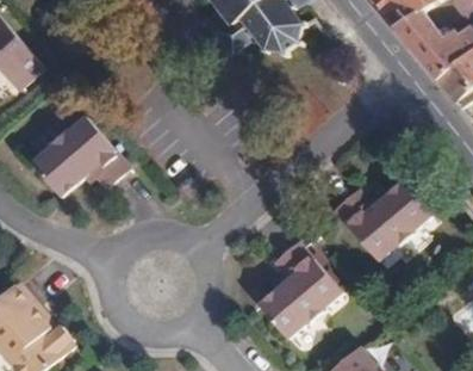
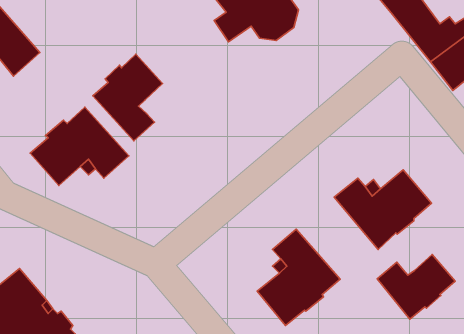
building: none -> [93,54,163,141]
building: none -> [377,255,455,319]

